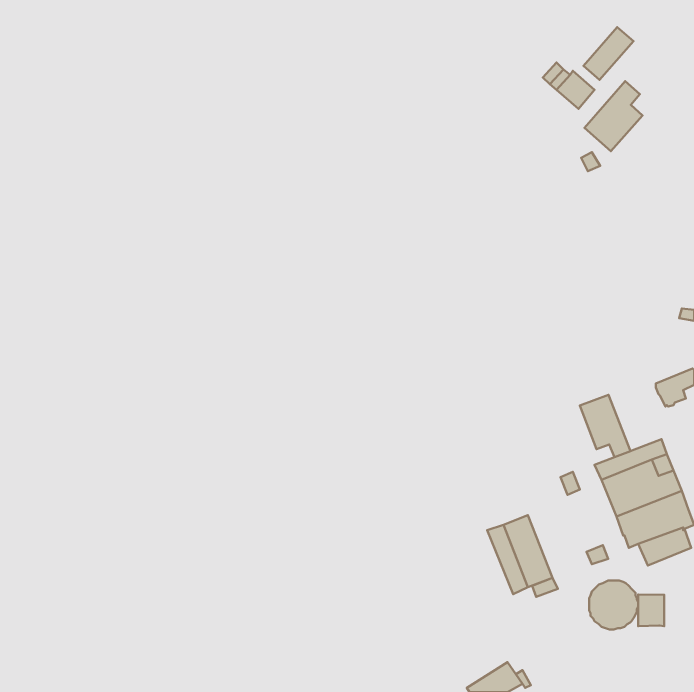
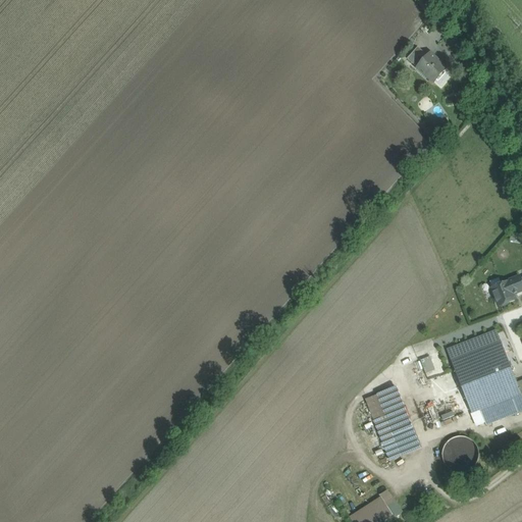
building: [583,27,633,80] -> none
building: [585,81,643,151] -> none
building: [580,395,630,457] -> none
building: [638,595,664,626] -> none

